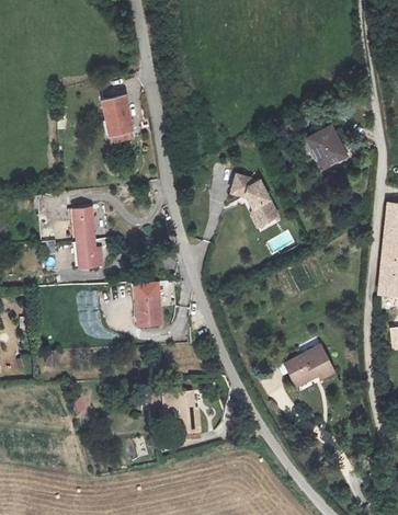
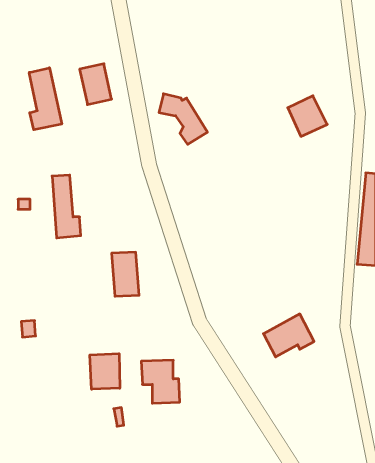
building: none -> [29,68,62,130]
building: [231,176,280,227] -> [159,94,207,144]
building: none -> [90,354,120,389]

